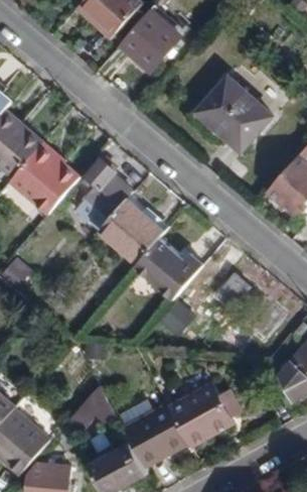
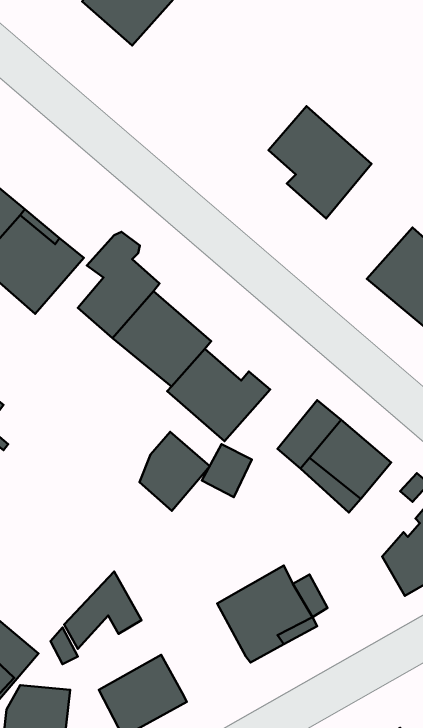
building: [120,9,182,72] -> none
building: none -> [139,432,210,511]
building: [123,403,186,466] -> none

